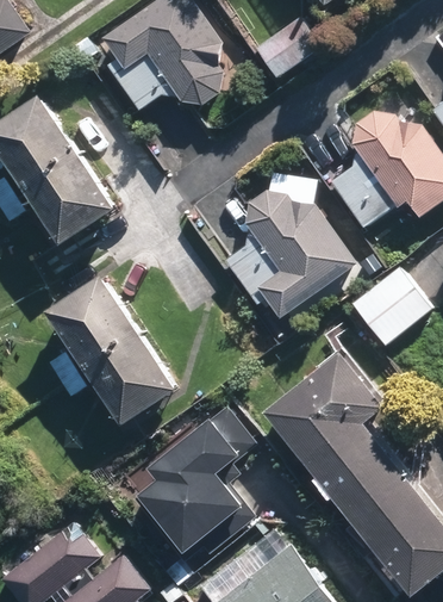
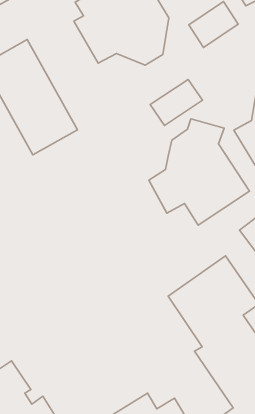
building: none -> [150,79,203,126]
building: [51,275,174,417] -> none
building: [144,408,257,553] -> none

